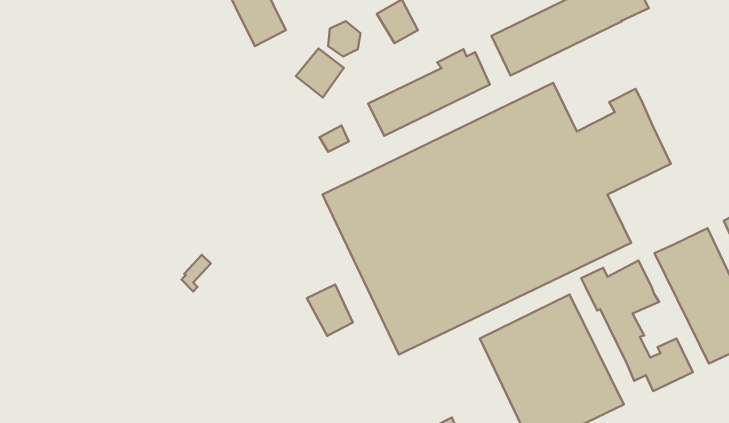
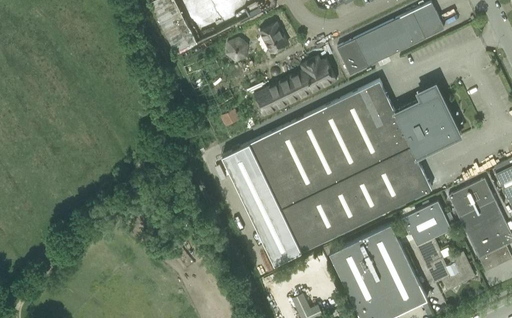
building: [296,48,344,98] -> none
building: [307,285,353,336] -> none

